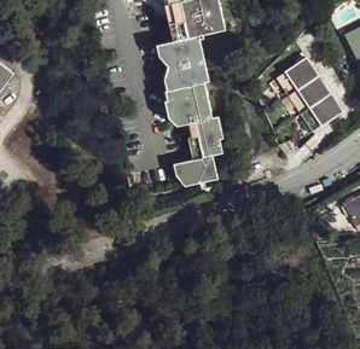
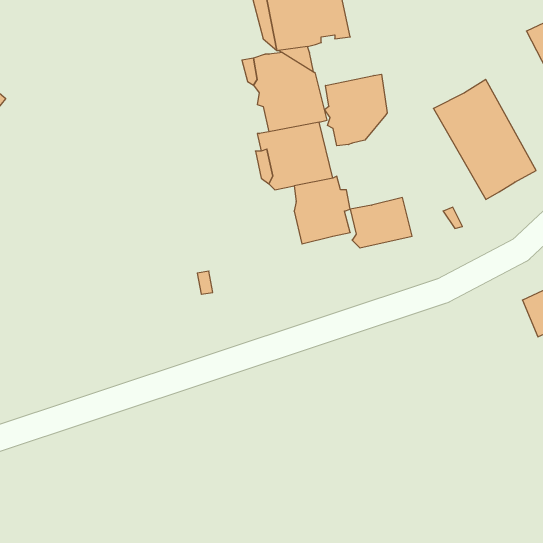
building: none -> [324,74,387,146]
building: [184,155,222,186] -> [350,198,412,248]

